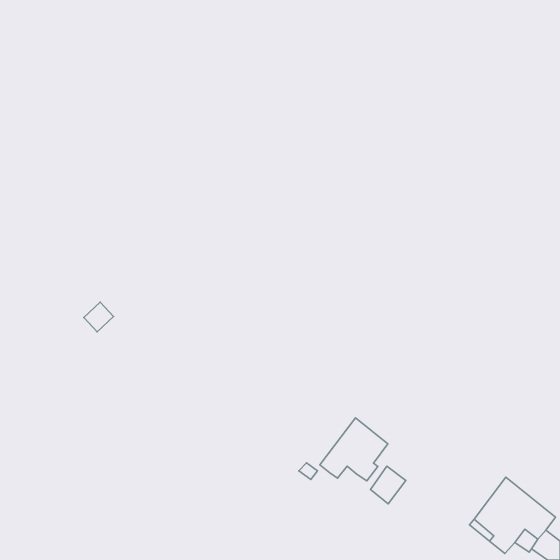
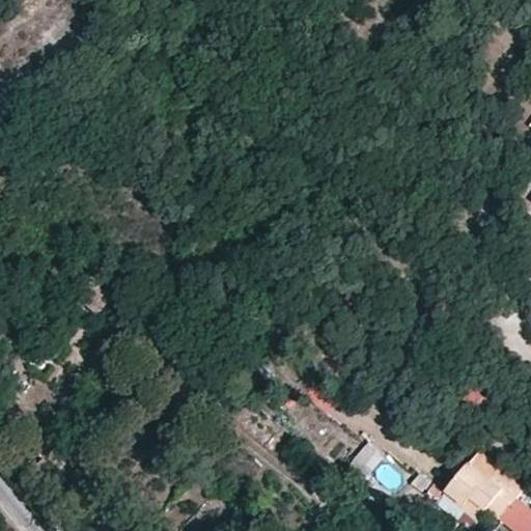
building: [320,418,388,481] -> none

